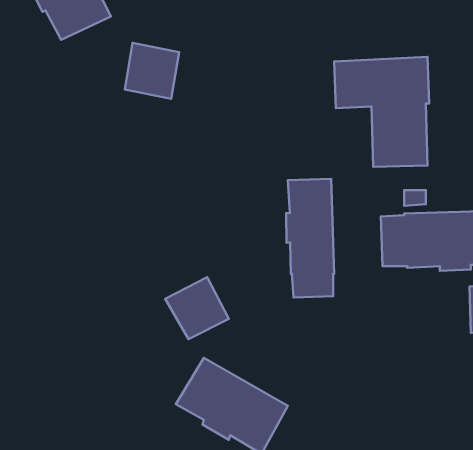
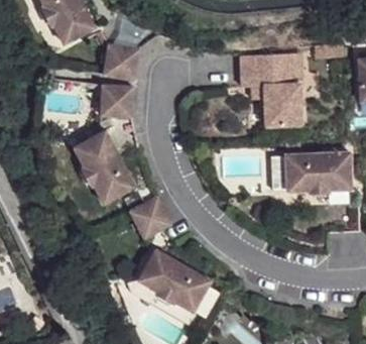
building: none -> [101,85,133,117]
building: none -> [73,130,134,203]
building: [286,179,334,297] -> none

